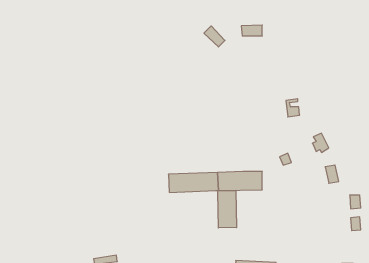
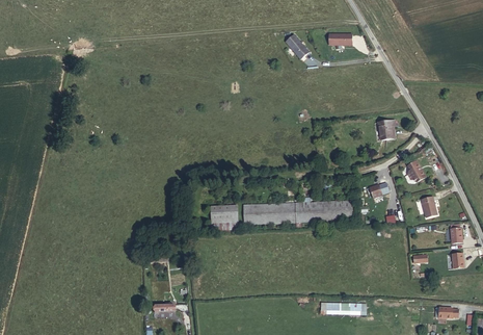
building: none -> [209,205,236,236]
building: [218,190,237,228] -> none

